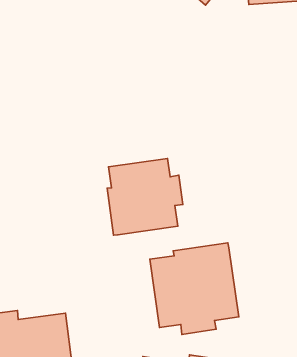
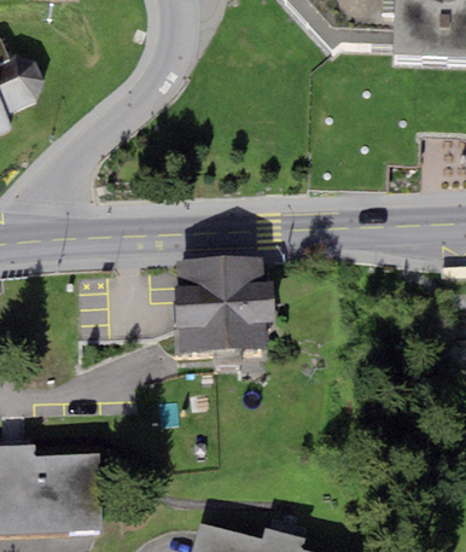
building: [150,243,239,335] -> none

